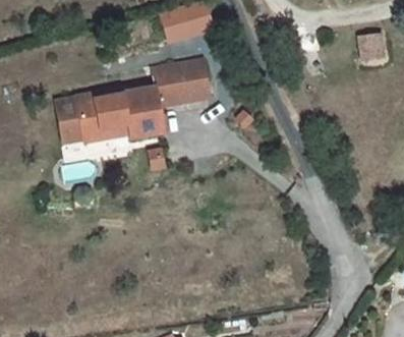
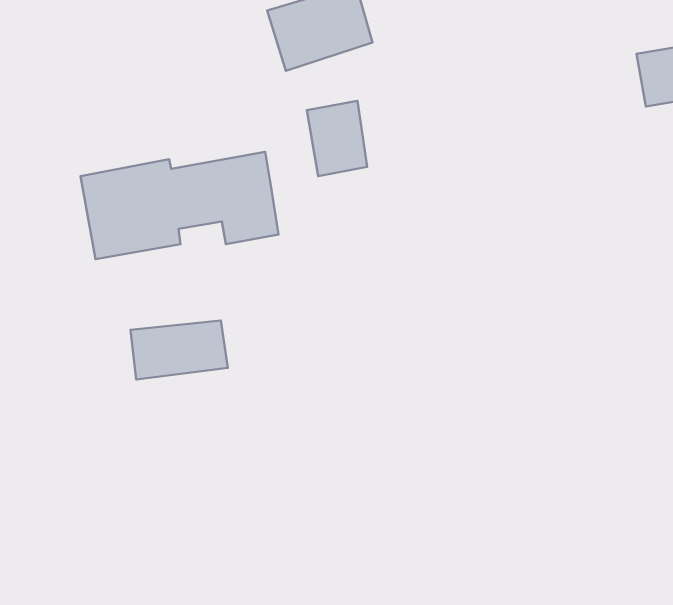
building: [154,65,186,106] -> none
building: none -> [130,320,228,380]

